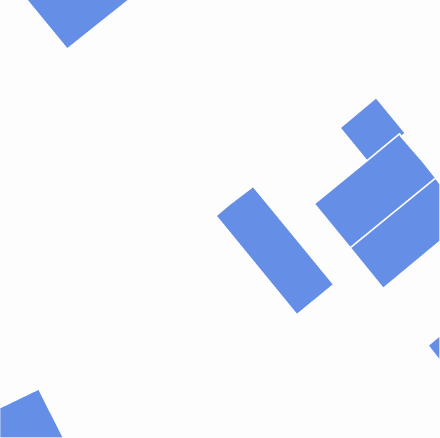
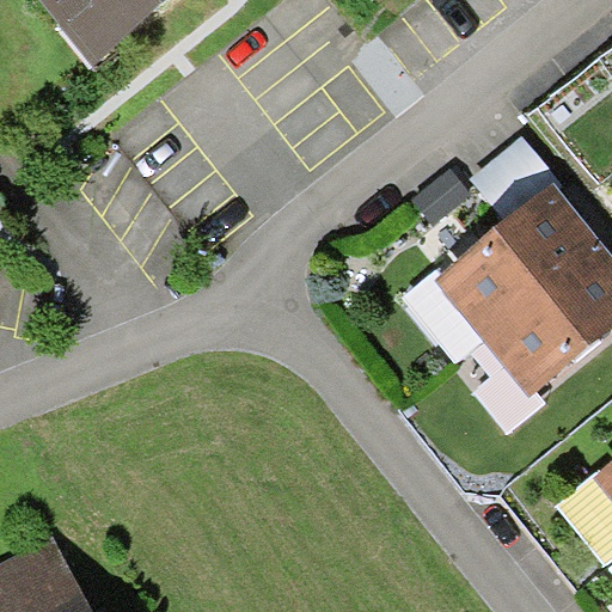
building: [216,186,334,315] -> none

